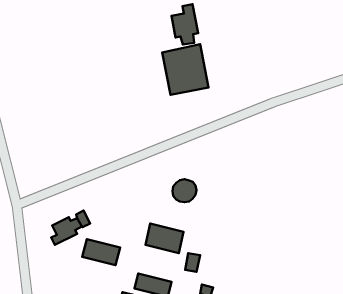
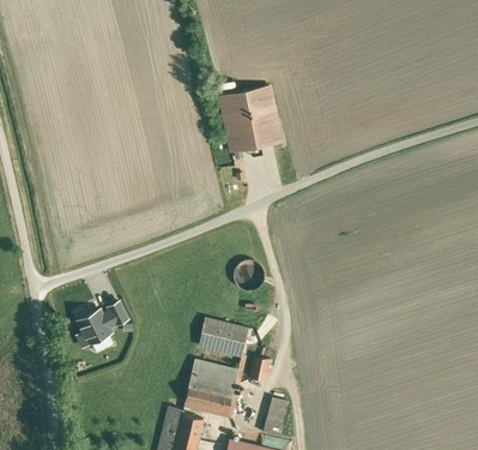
building: [171,4,198,45] -> none
building: [82,239,120,265] -> [189,360,238,394]

